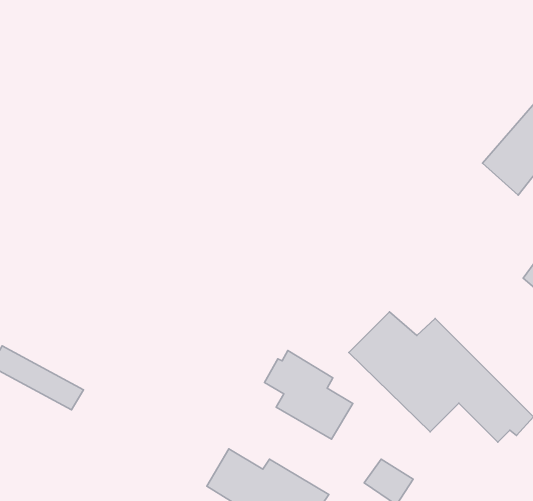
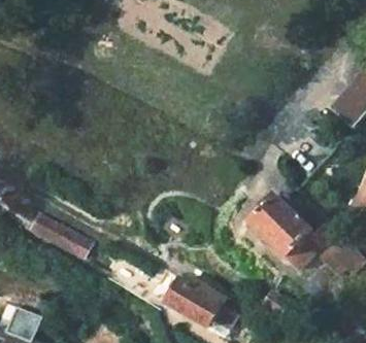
building: [265,351,353,439] -> none

